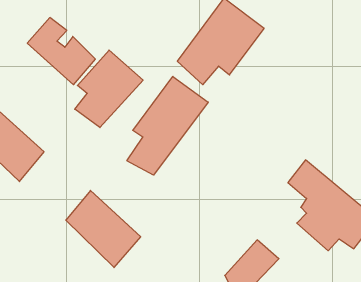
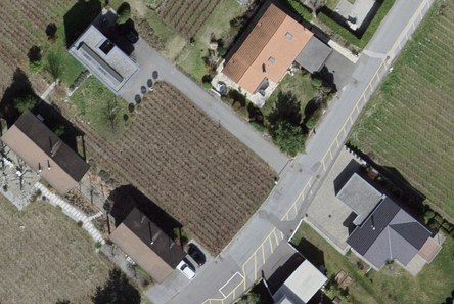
building: [75,50,143,128] -> none
building: [127,76,208,175] -> none

